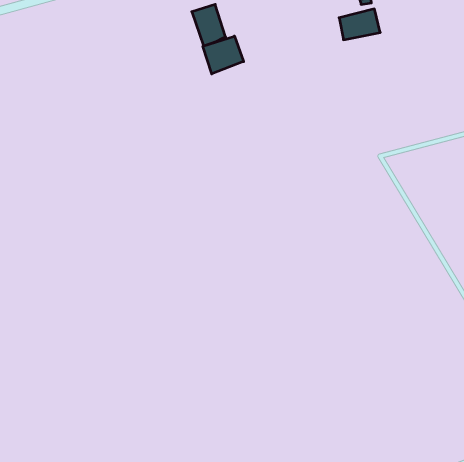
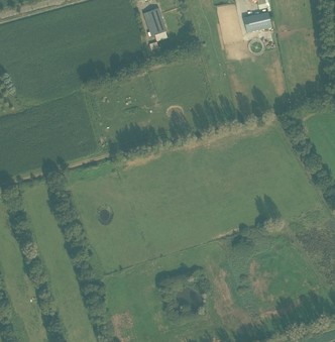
building: [203,36,244,74] -> none

